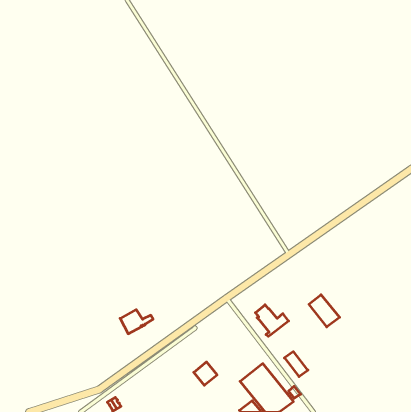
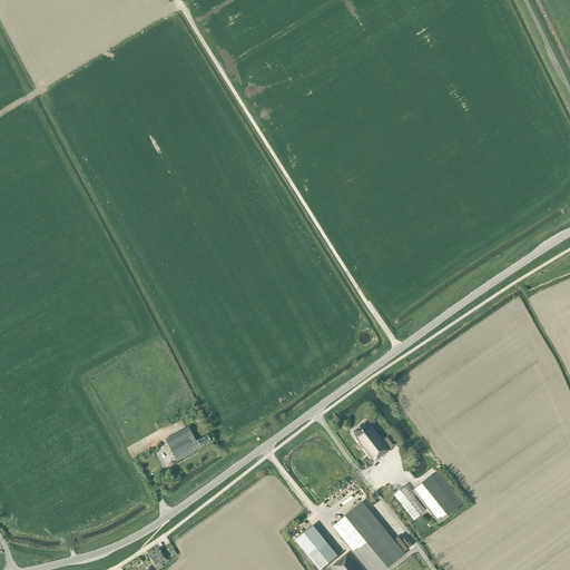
building: [309,295,340,327] -> [415,478,458,522]
building: [194,362,217,385] -> [296,525,328,558]

